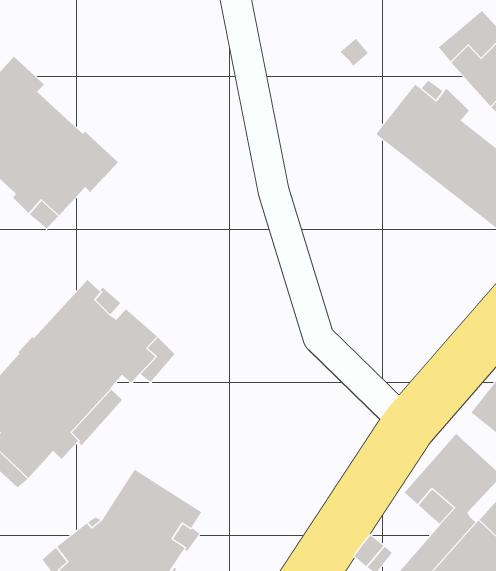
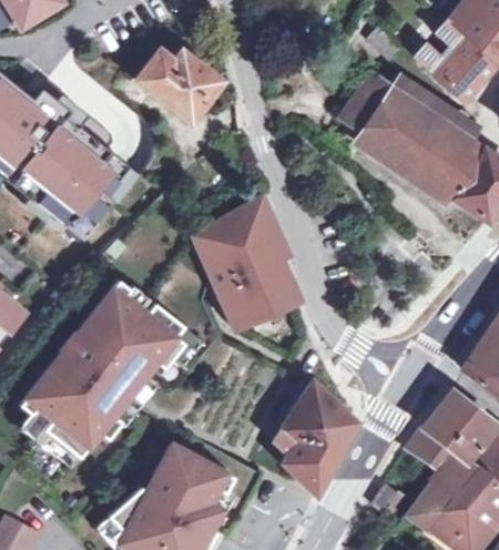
building: none -> [135,49,222,121]
building: none -> [343,73,394,129]
building: none -> [192,195,298,330]
building: none -> [276,381,355,492]

